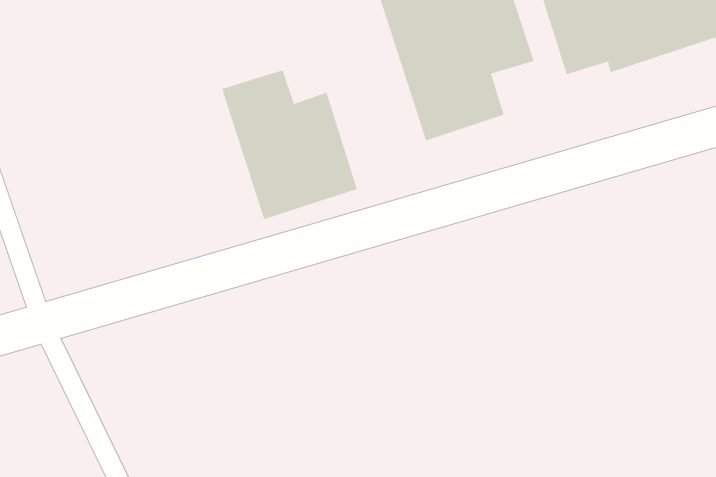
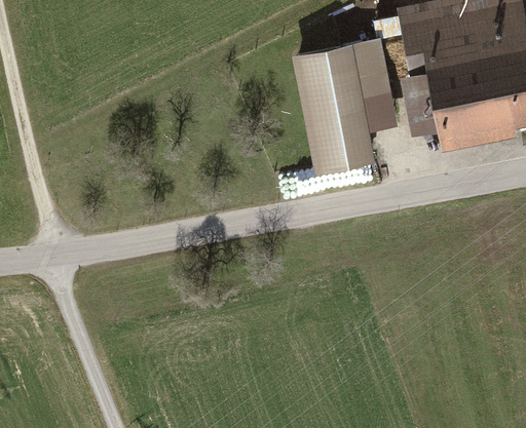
building: [221,69,358,220] -> none

